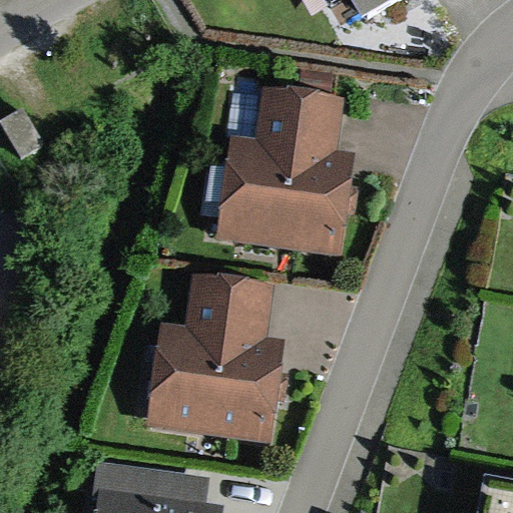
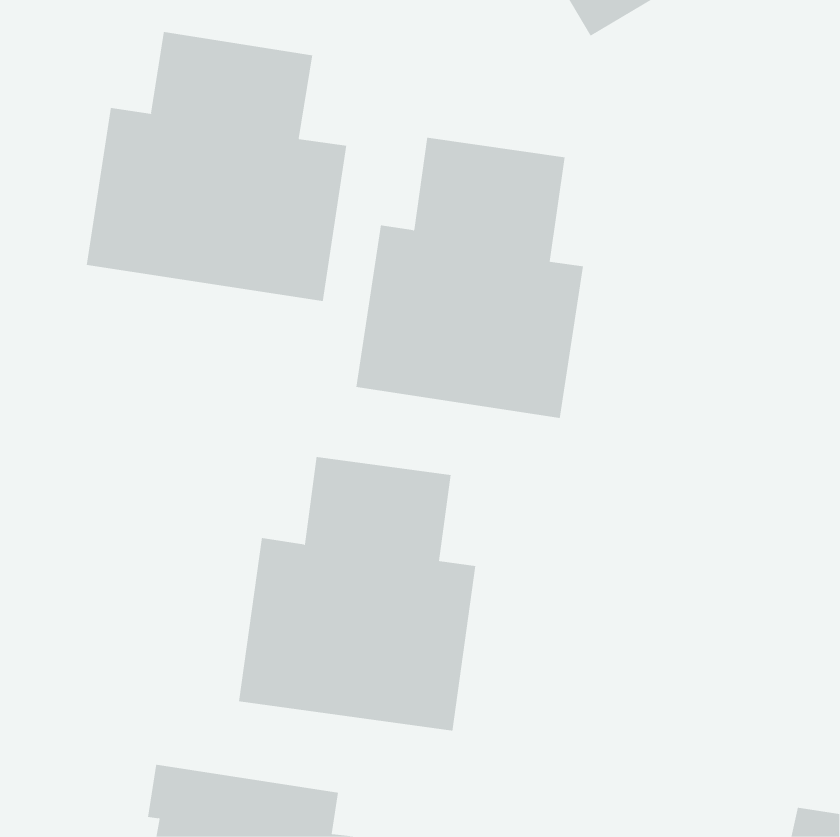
building: none -> [86,31,347,302]

